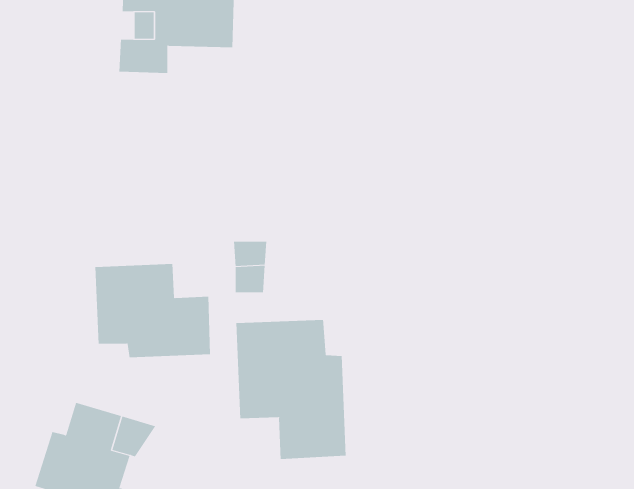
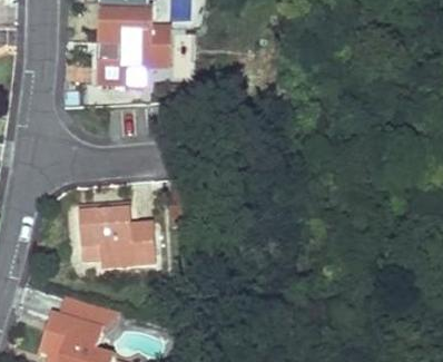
building: [236,319,346,460] -> none

